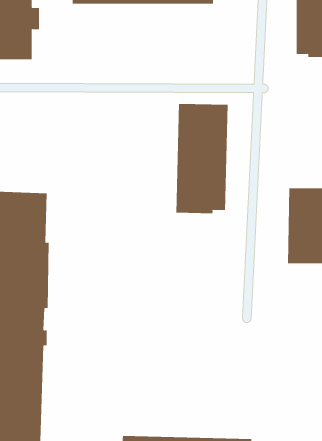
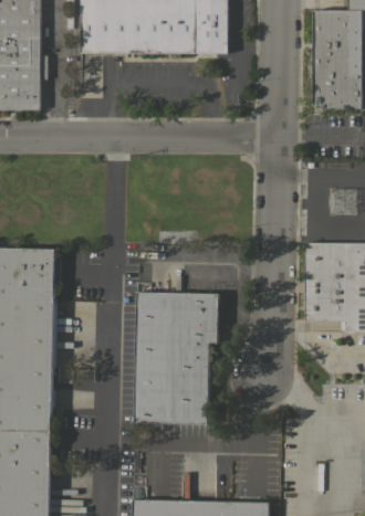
building: [176,103,228,214] -> none
building: none -> [134,291,218,423]

